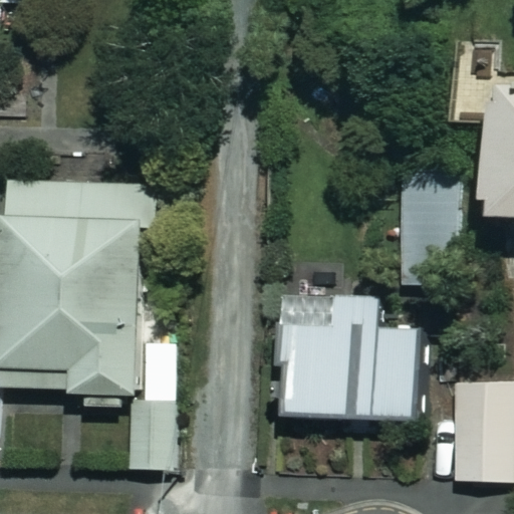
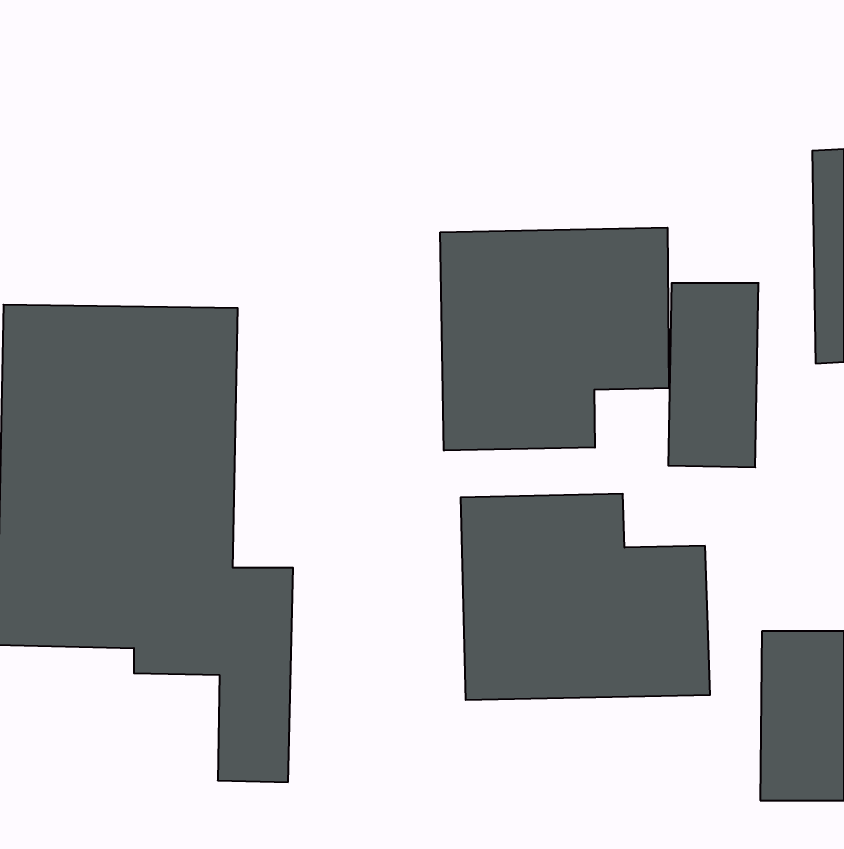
building: none -> [440,228,669,451]

